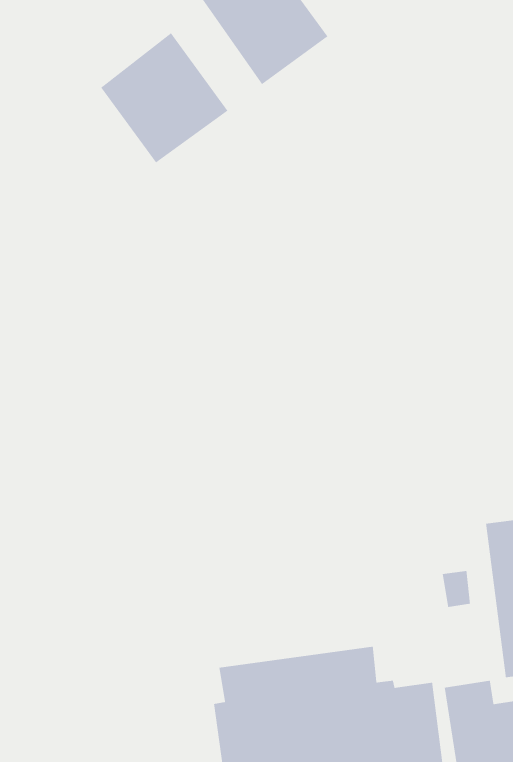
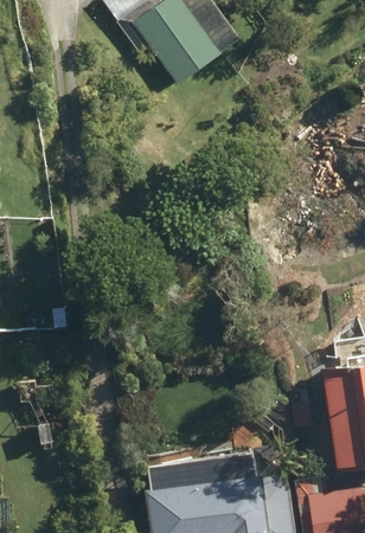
building: [100,32,228,164] -> none

